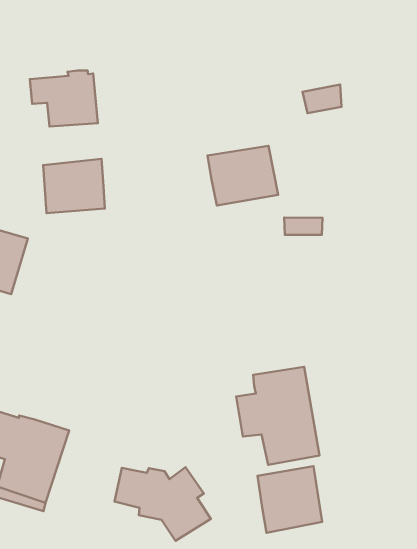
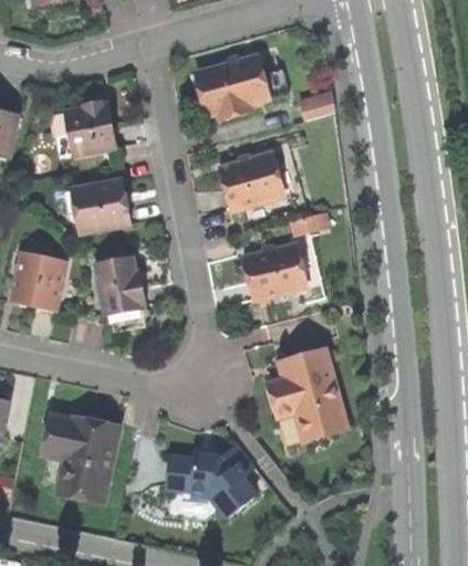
building: none -> [188,53,270,120]
building: none -> [95,256,145,317]
building: none -> [241,242,308,301]
building: [257,466,322,533] -> none

